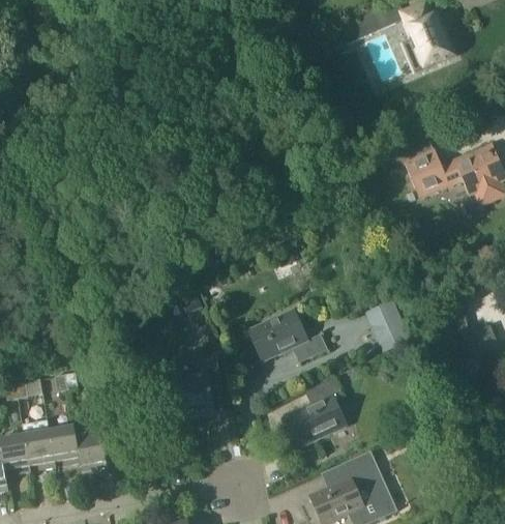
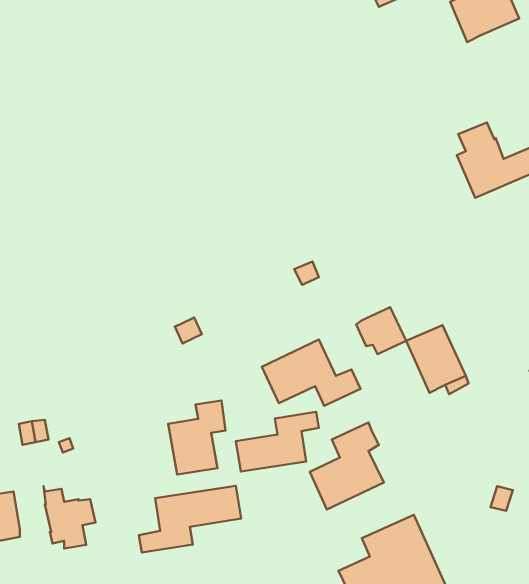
building: none -> [356,307,406,354]
building: none -> [236,412,319,471]
building: none -> [139,486,241,553]
building: [51,427,81,465] -> none

